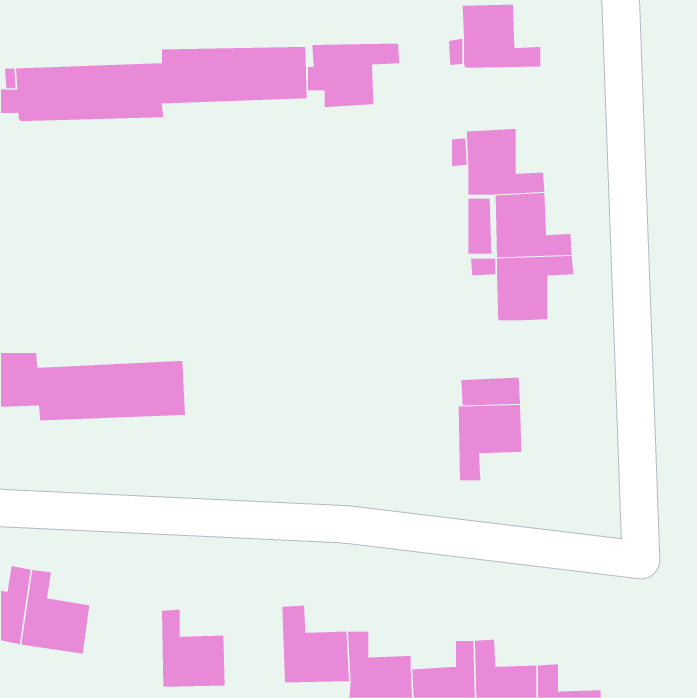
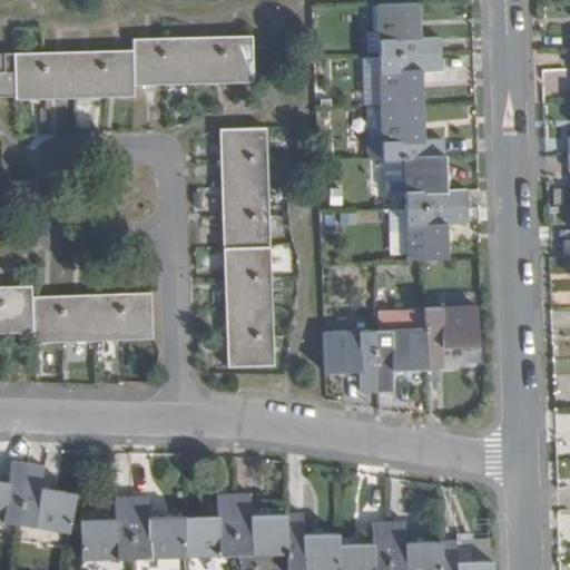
building: [307,43,400,107] -> [367,55,443,107]
building: none -> [220,128,274,368]
building: none -> [424,306,479,368]
building: none -> [323,331,375,393]
building: none -> [184,494,233,559]
building: none -> [79,498,134,562]

